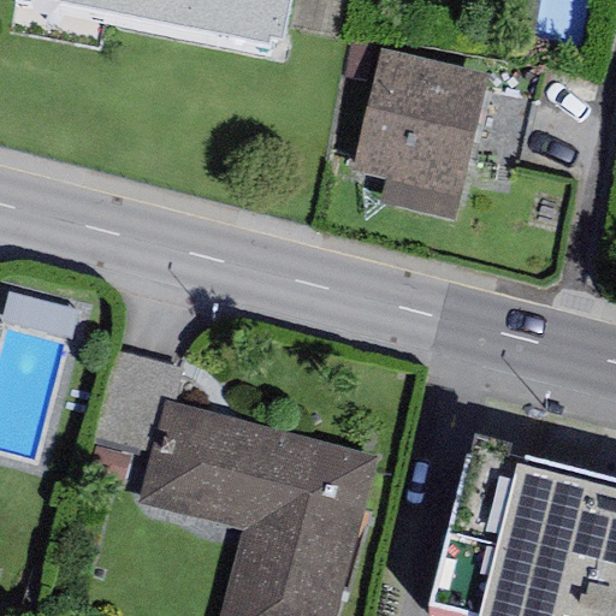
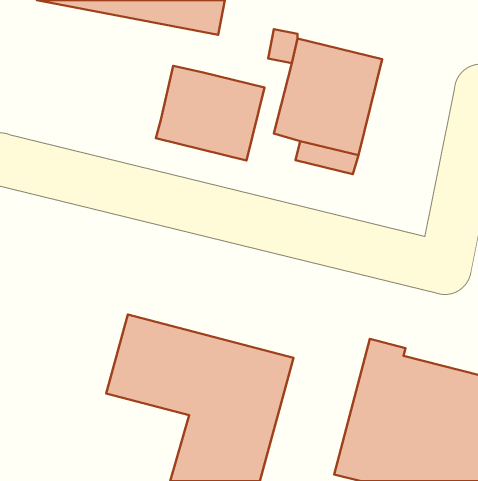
building: none -> [156,66,265,160]

